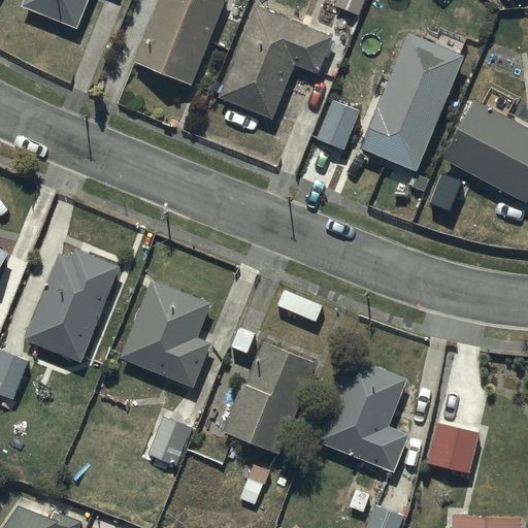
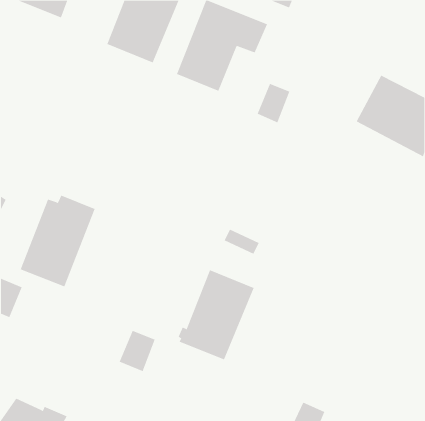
building: [367,45,465,179] -> none
building: [120,278,211,387] -> none
building: [318,356,408,470] -> none
building: [431,430,481,478] -> none

